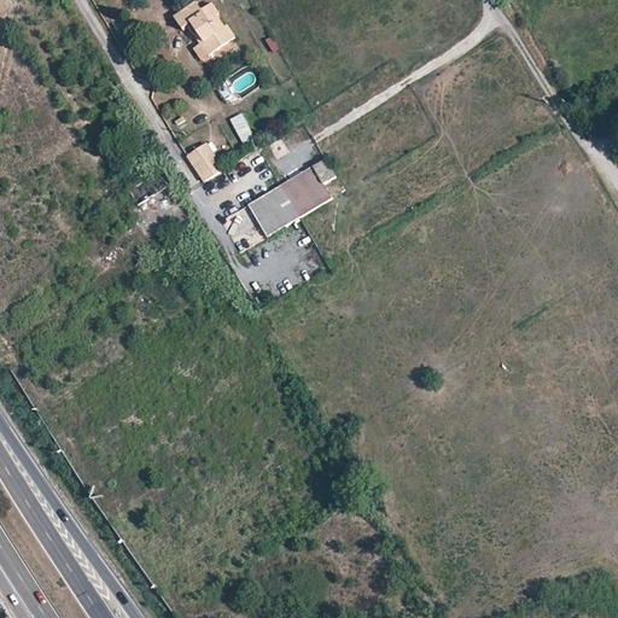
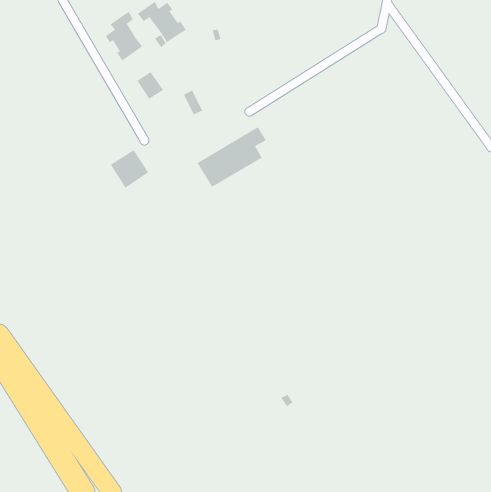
building: none -> [105,11,143,61]
building: [187,147,222,183] -> [136,71,164,100]

